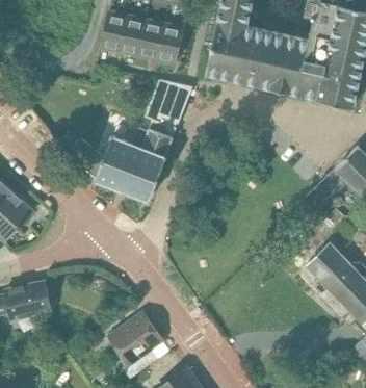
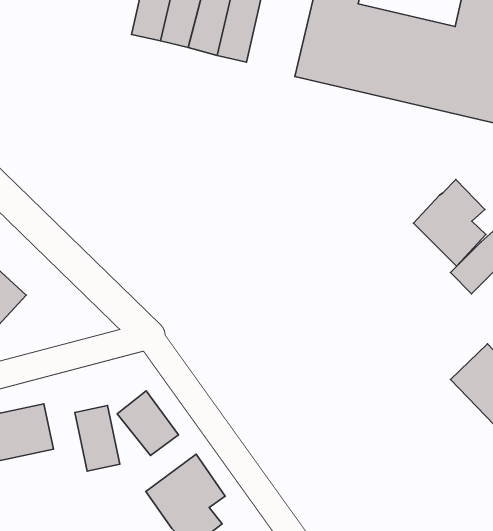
building: [69,78,192,202] -> none
building: none -> [414,180,486,266]
building: none -> [117,391,178,455]
building: none -> [75,406,120,471]

